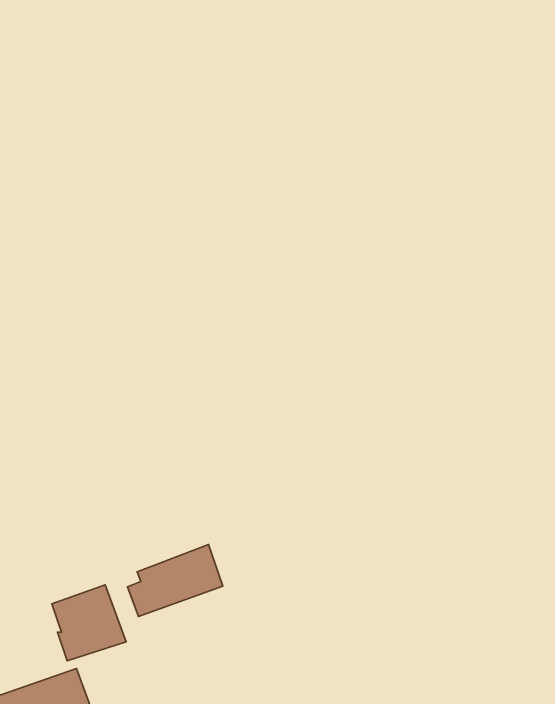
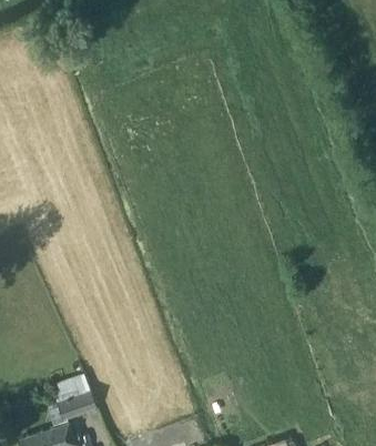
building: [127,545,223,616] -> none

